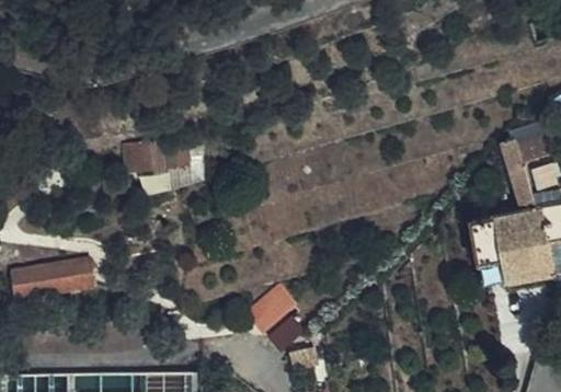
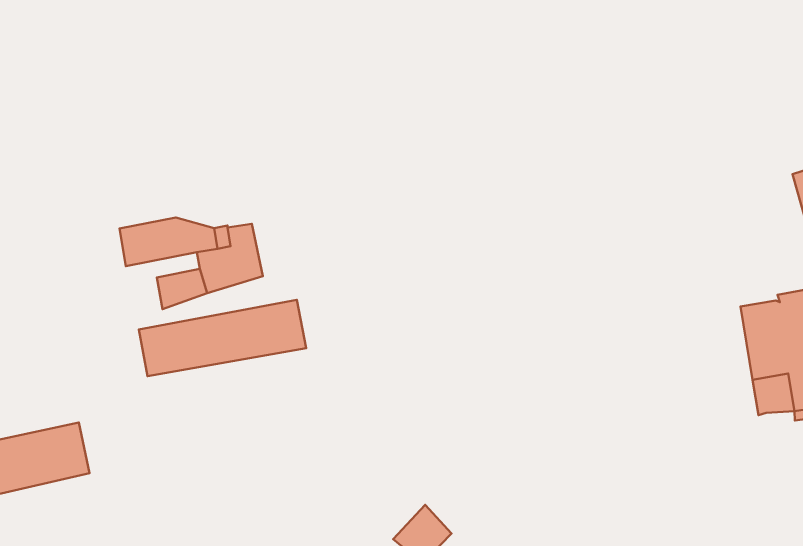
building: none -> [139,300,306,376]
building: [251,290,299,331] -> none

